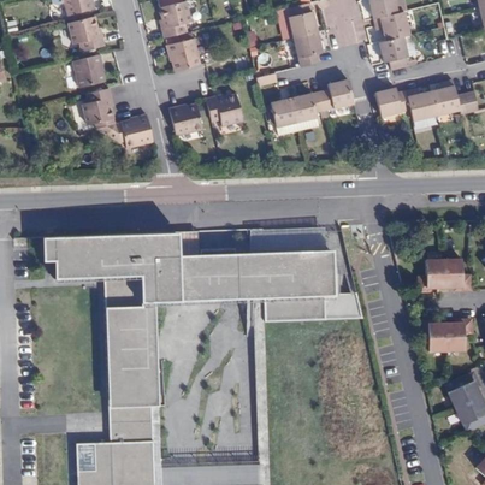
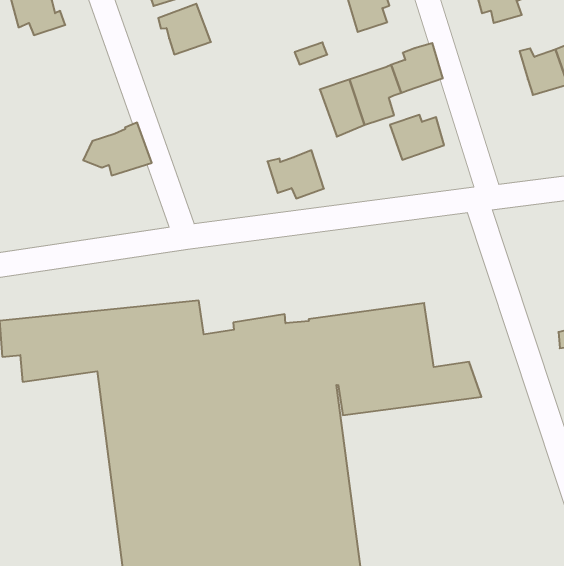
building: [73,53,105,85] -> none
building: [82,87,116,135] -> none
building: [375,87,410,116] -> [390,115,444,160]
building: [207,93,243,124] -> [267,150,324,198]
building: [170,102,203,135] -> none

